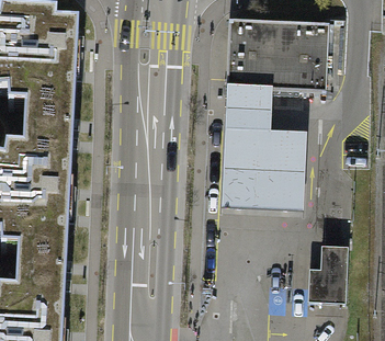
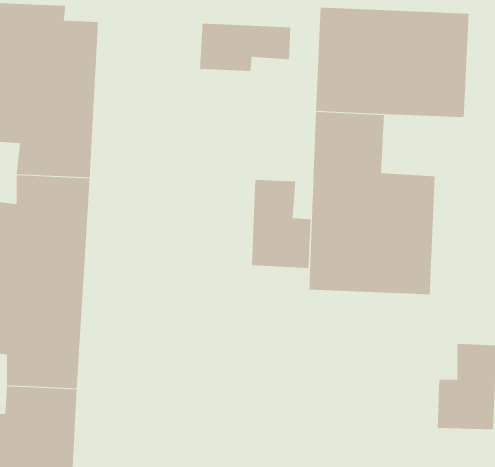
building: none -> [200,23,291,72]
building: none -> [252,179,311,269]

